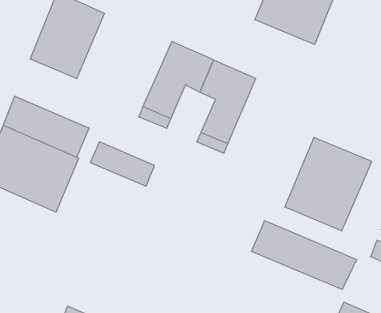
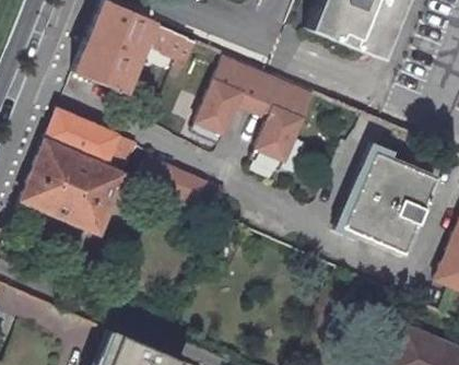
building: none -> [153,25,198,68]
building: [251,221,356,289] -> none

